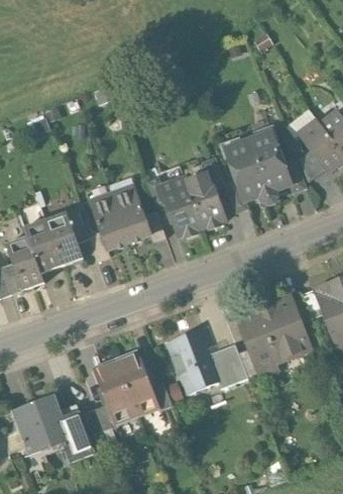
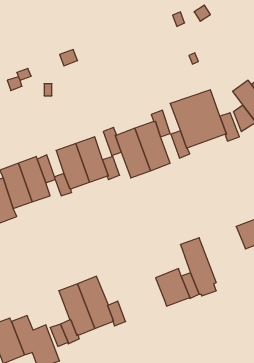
building: [259,294,311,359] -> none
building: [165,325,219,394] -> none

